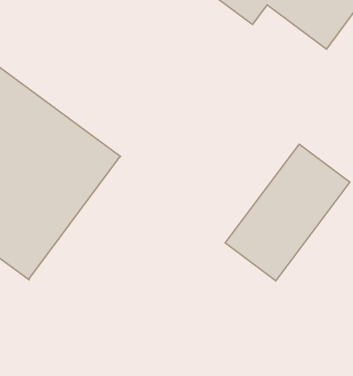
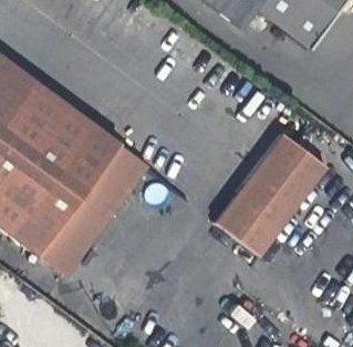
building: none -> [39,145,146,274]

